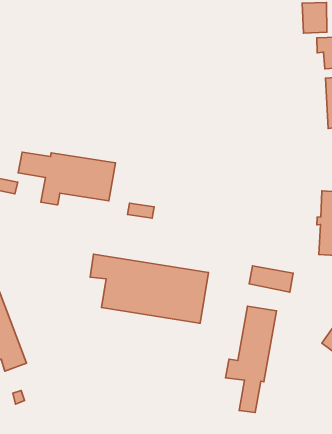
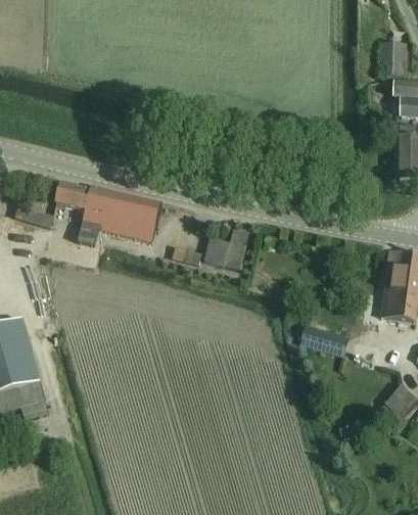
building: none -> [204,224,249,268]
building: [90,254,208,323] -> none
building: [226,306,276,413] -> none

